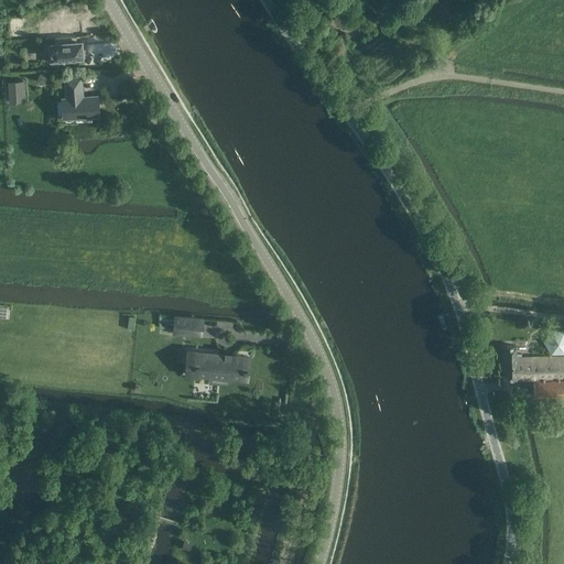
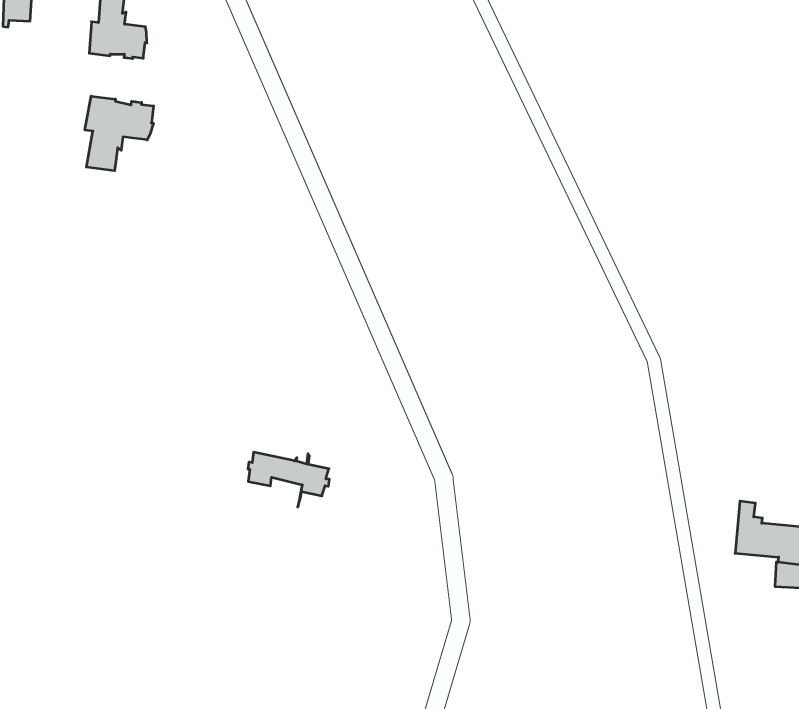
building: none -> [85,96,154,171]
building: [174,318,204,339] -> none

